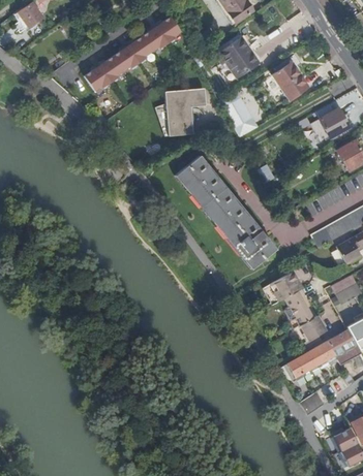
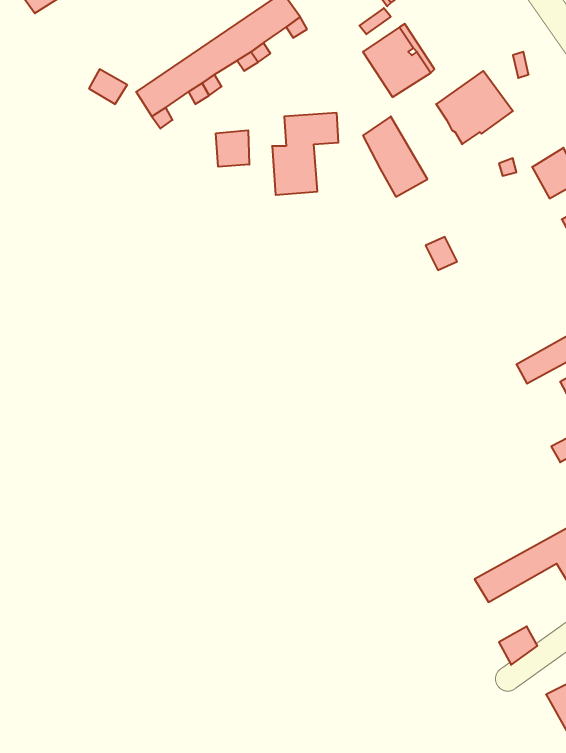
building: none -> [216,130,249,167]
building: [177,156,274,267] -> none
building: [269,272,325,340] -> none

